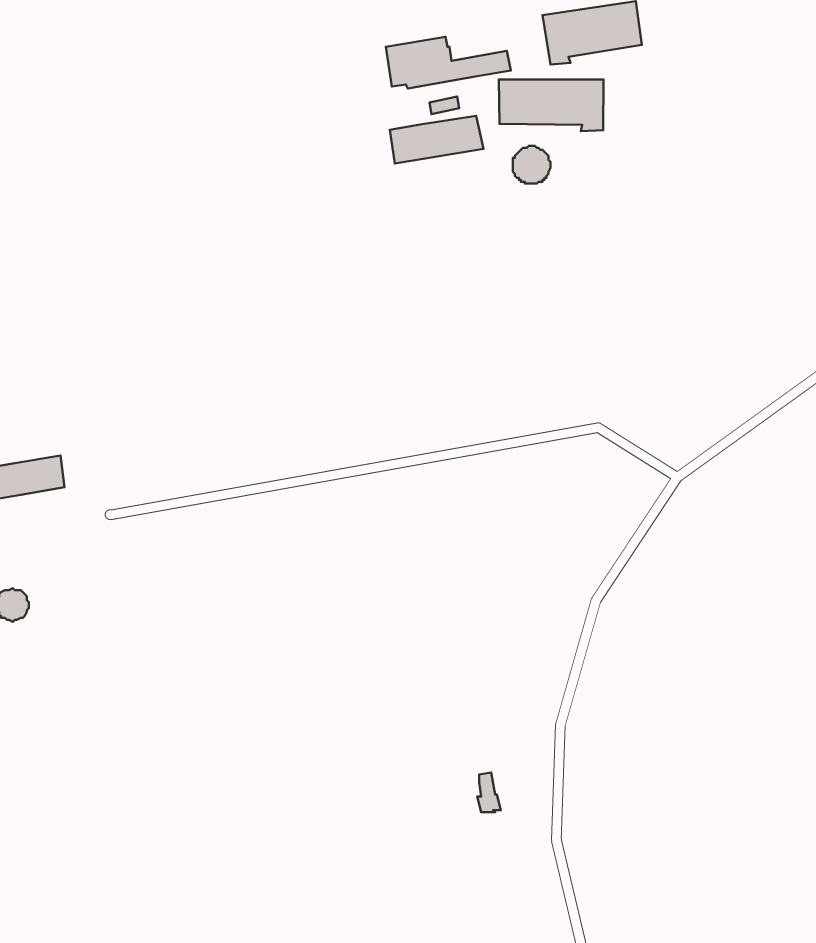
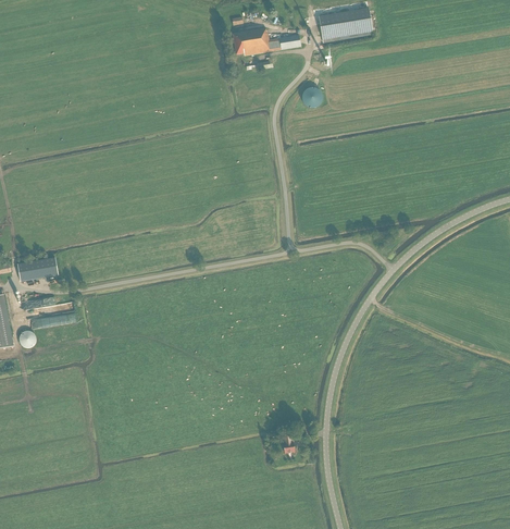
building: [499,80,604,131] -> none
building: [390,116,484,164] -> none

